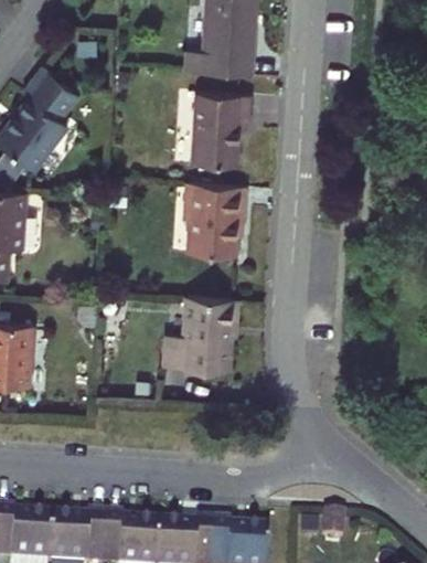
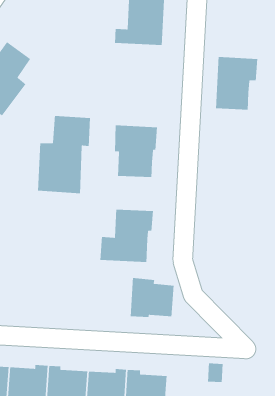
building: [193,94,252,168] -> [215,56,258,110]
building: none -> [37,115,91,194]
building: none -> [130,277,175,318]

